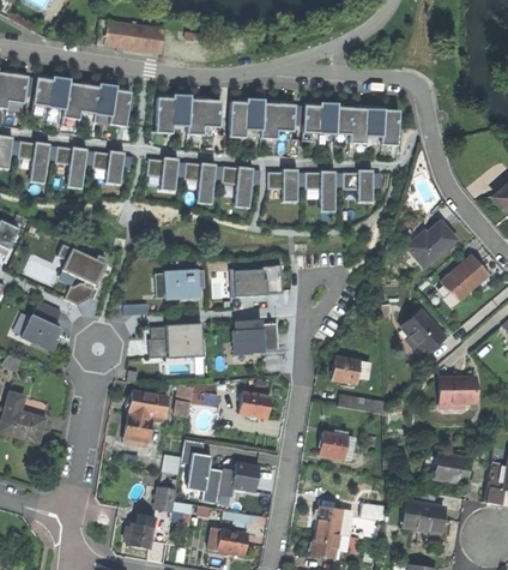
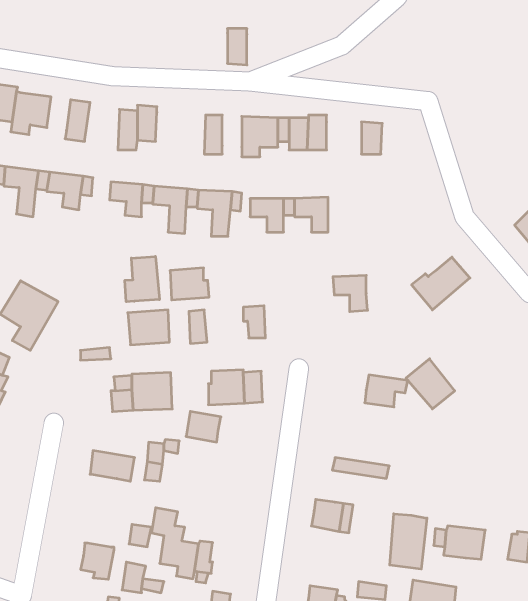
building: [104,23,164,54] -> none
building: [92,83,114,115] -> none
building: [243,98,260,130] -> [227,29,247,65]
building: [186,100,220,133] -> none
building: [333,108,363,143] -> none
building: [380,109,398,145] -> none
building: [343,172,373,203] -> [333,275,368,312]
building: none -> [125,256,159,302]
building: [442,258,489,302] -> none
building: [232,269,266,296] -> [170,268,209,300]
building: [332,358,369,385] -> [365,375,408,407]
building: [439,379,476,404] -> none
building: [241,392,271,419] -> [186,411,221,442]
building: [125,414,153,445] -> [81,543,114,579]
building: none -> [390,514,427,569]
building: [232,463,260,491] -> none

